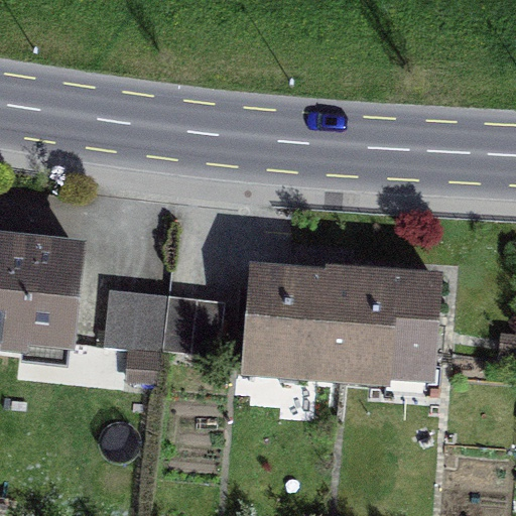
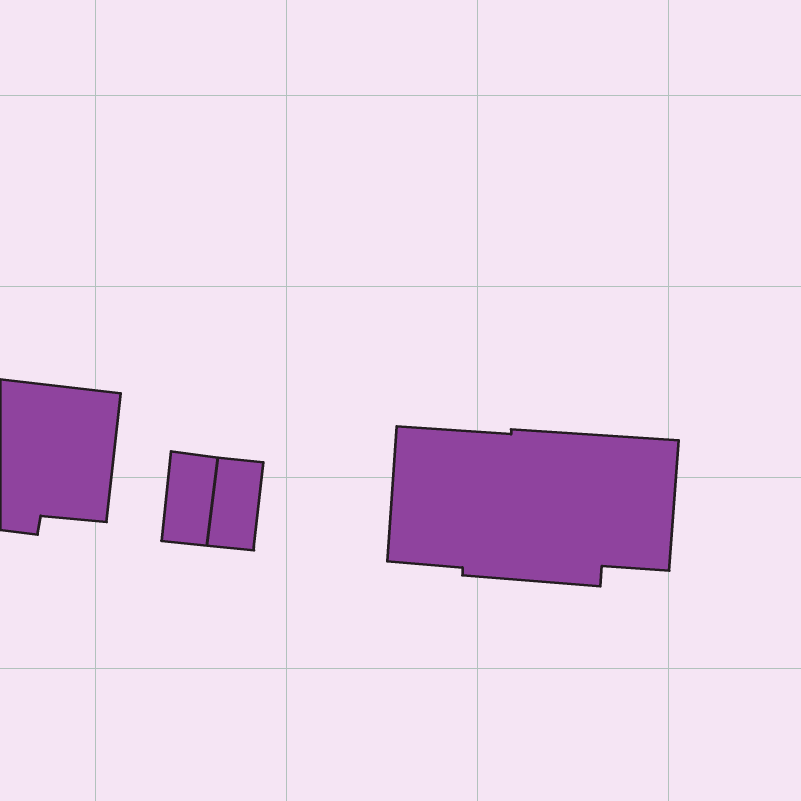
building: [163,297,225,358] -> none

